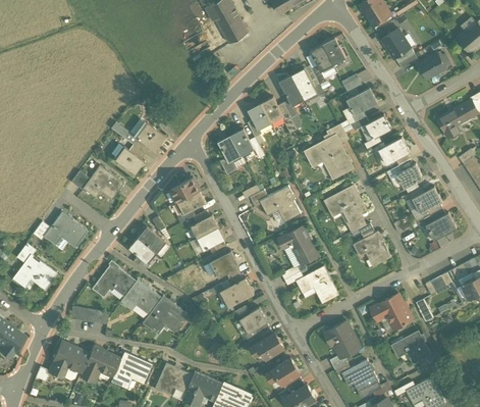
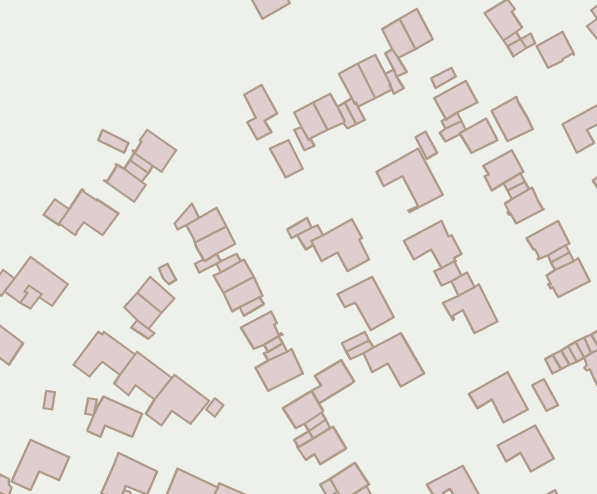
building: none -> [491,97,533,141]
building: [218,136,242,174] -> [244,85,277,140]
building: none -> [312,360,354,404]
building: [324,320,361,369] -> none
building: [82,347,120,375] -> [88,397,142,437]

